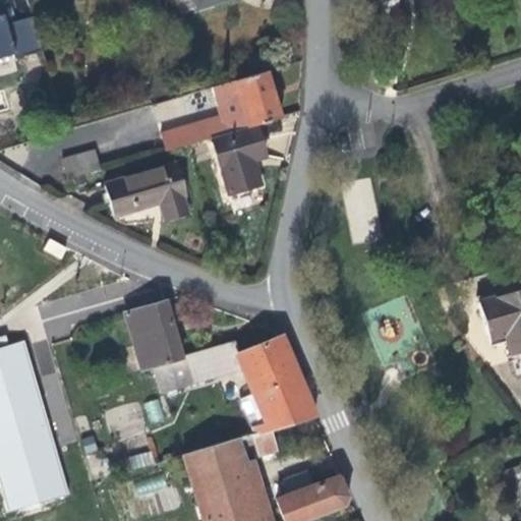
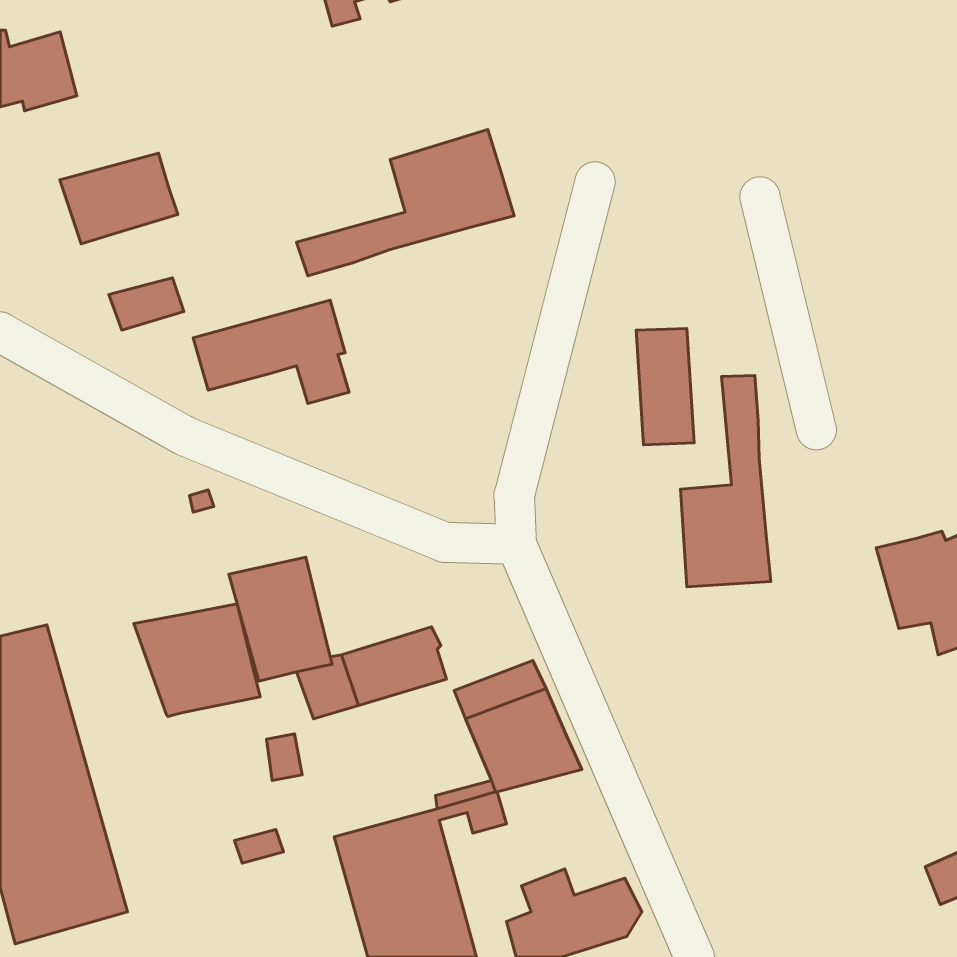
building: none -> [60,153,178,244]
building: [213,123,266,191] -> none
building: none -> [681,375,771,587]
building: none -> [134,604,260,717]
building: [238,334,290,374] -> none

